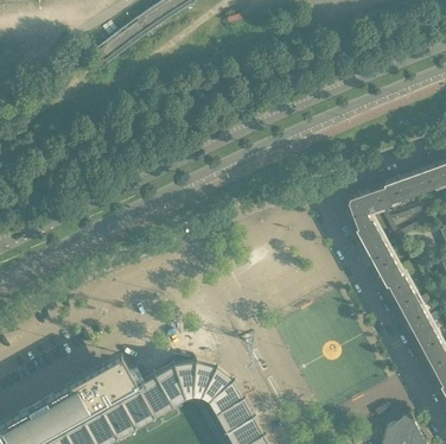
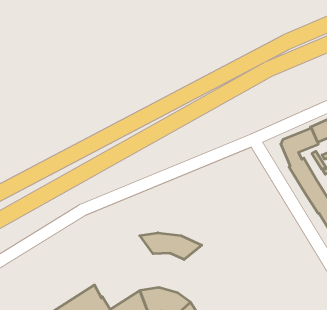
building: none -> [140,233,202,260]

